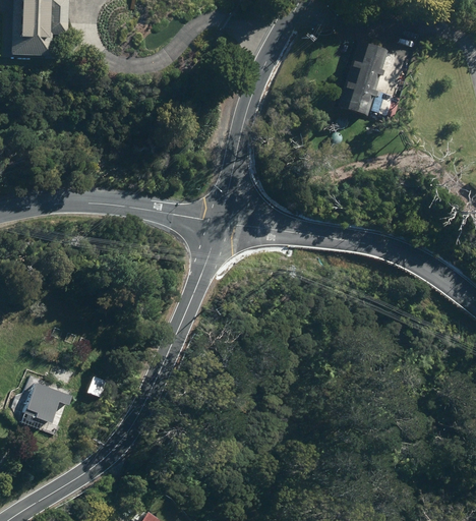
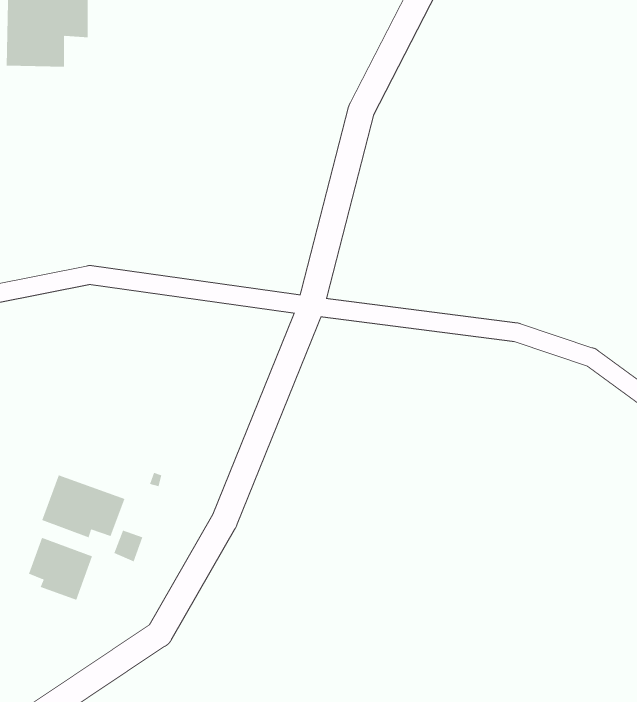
building: [338,40,388,114] -> none
building: none -> [42,475,125,538]

